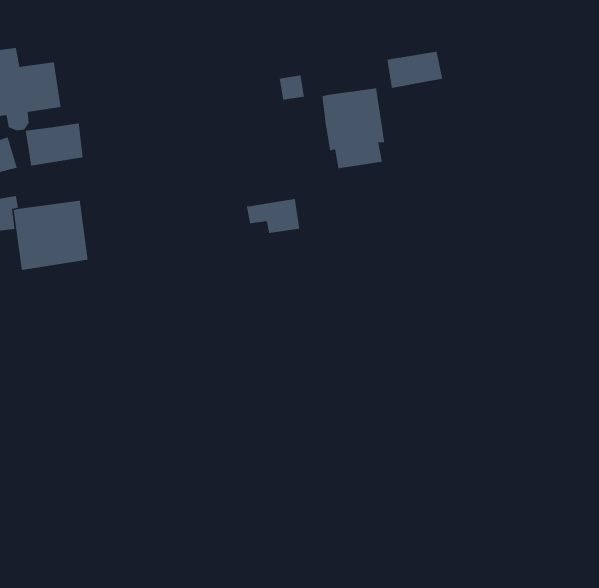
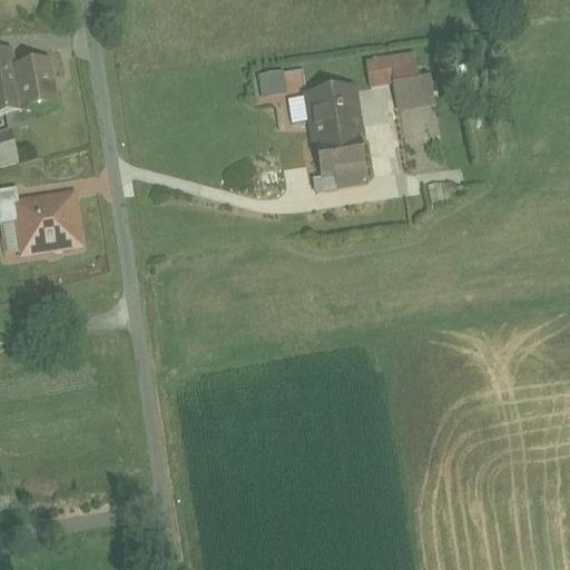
building: none -> [392,73,433,106]
building: [25,123,83,166] -> none
building: [246,198,300,234] -> [314,153,365,186]

